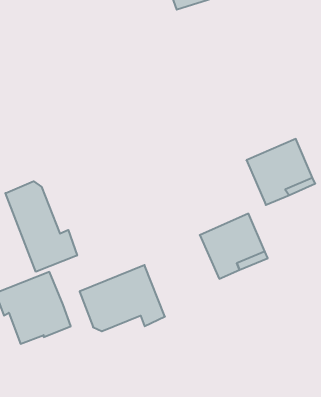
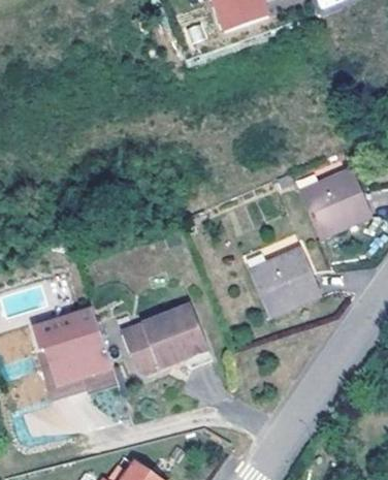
building: [5,181,77,272] -> none

